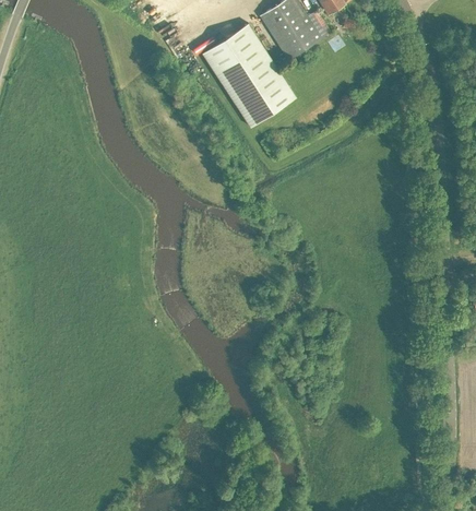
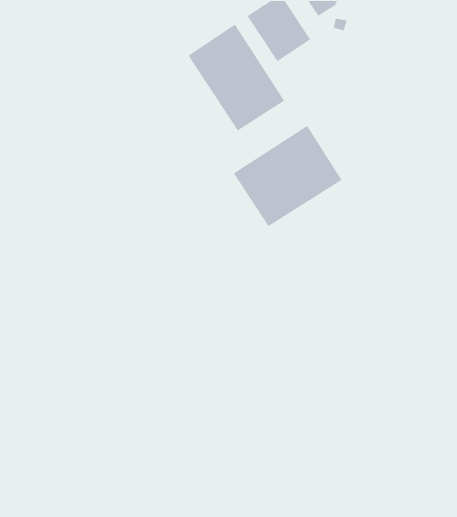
building: none -> [233,125,342,227]

